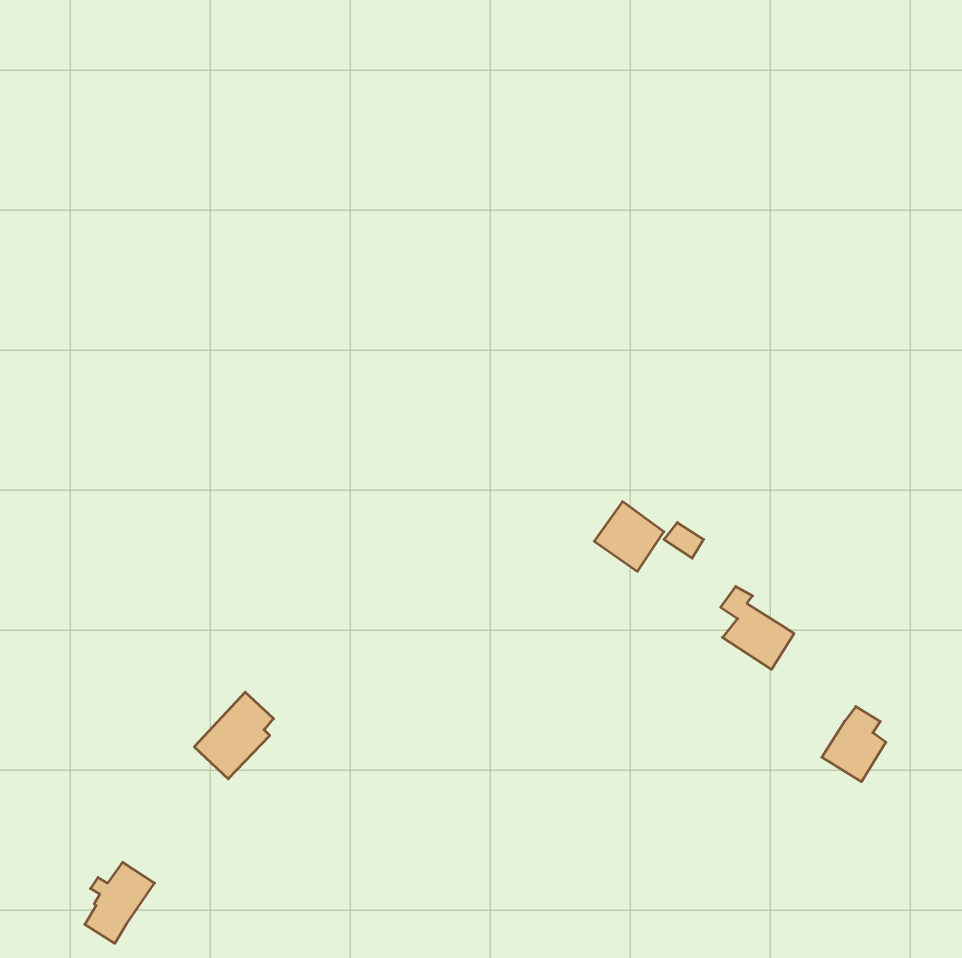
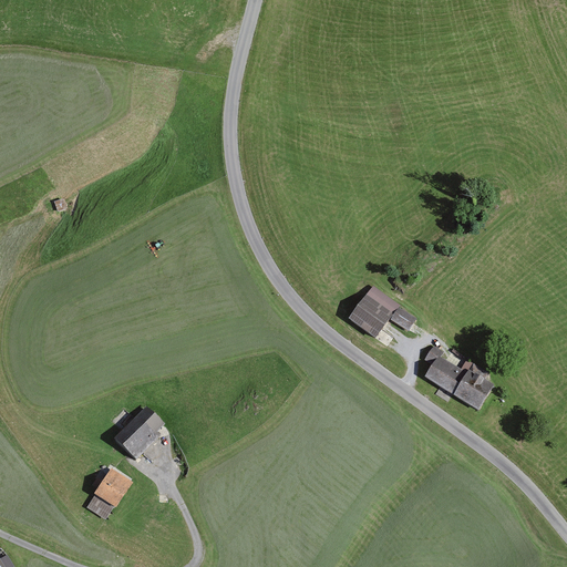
building: [822,706,886,782] -> [454,363,492,408]
building: [85,862,155,943] -> [89,467,130,515]

